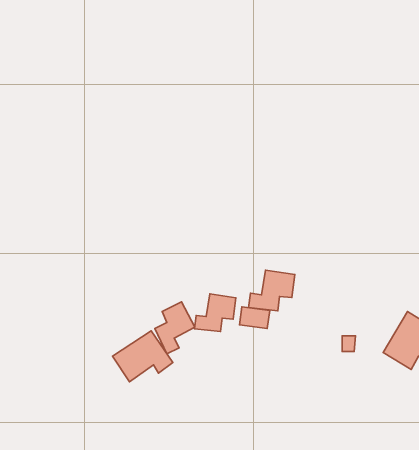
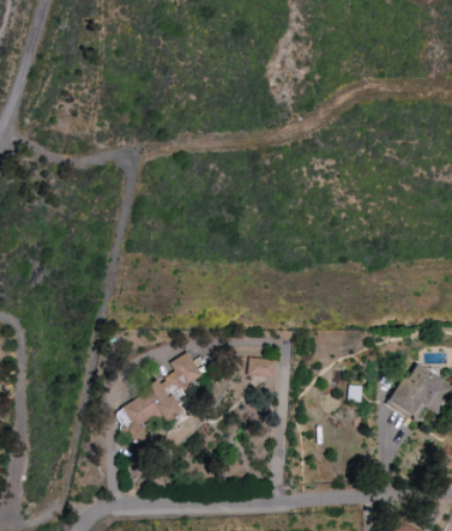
building: [249,270,295,311] -> none
building: [195,294,236,332] -> none

